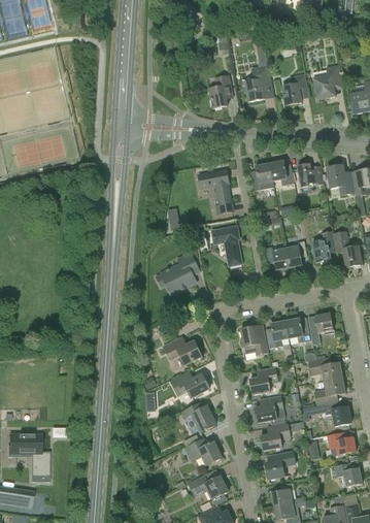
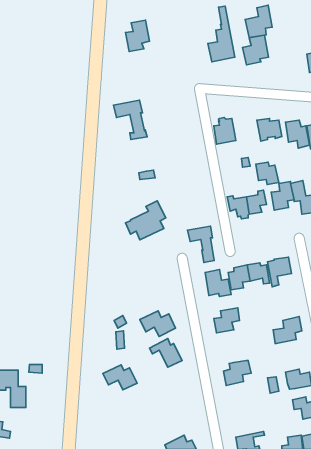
building: [313,64,342,99] -> [245,5,272,38]
building: [208,74,234,108] -> [125,20,149,52]
building: [270,161,295,185] -> [256,162,279,184]
building: [198,169,234,211] -> [114,100,147,140]
building: [212,226,241,265] -> [187,226,214,263]
building: [164,336,202,364] -> none
building: [309,358,342,381] -> none
building: [256,395,285,426] -> none
building: [317,401,350,425] -> none
building: [184,437,222,464] -> [103,365,137,390]
building: [266,451,296,479] -> none
building: [188,475,228,498] -> none
building: [271,483,304,506] -> none

